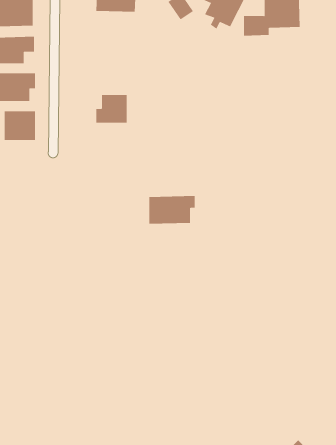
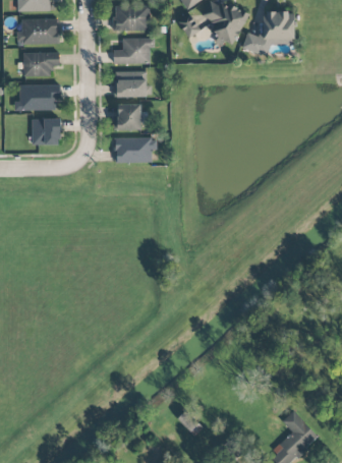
building: none -> [113,39,155,65]
building: none -> [114,71,152,98]
building: [148,196,195,224] -> [114,138,156,164]

